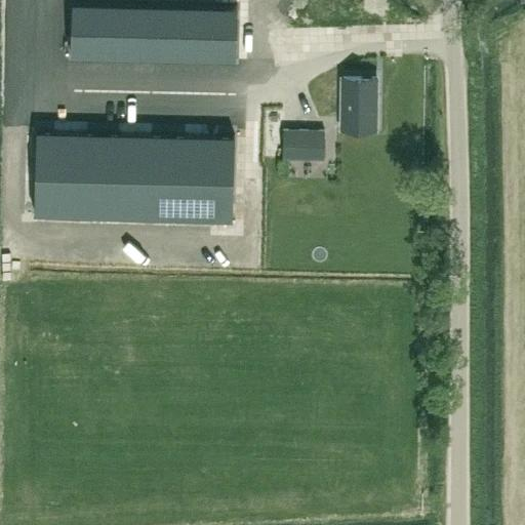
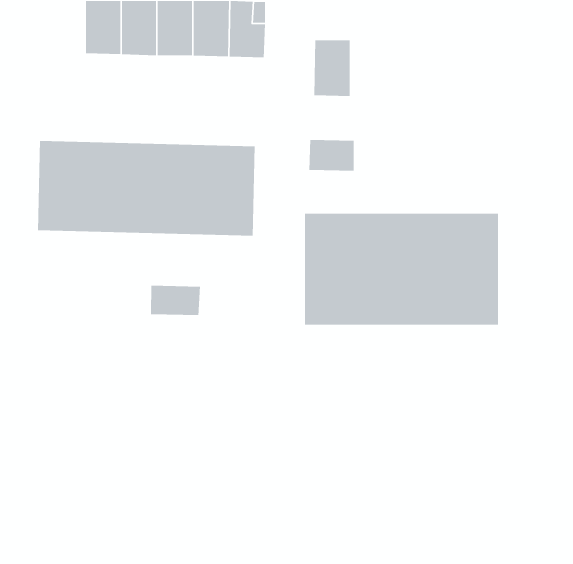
building: [341,83,375,135] -> [314,40,351,97]
building: none -> [304,213,499,326]
building: none -> [150,285,201,316]

